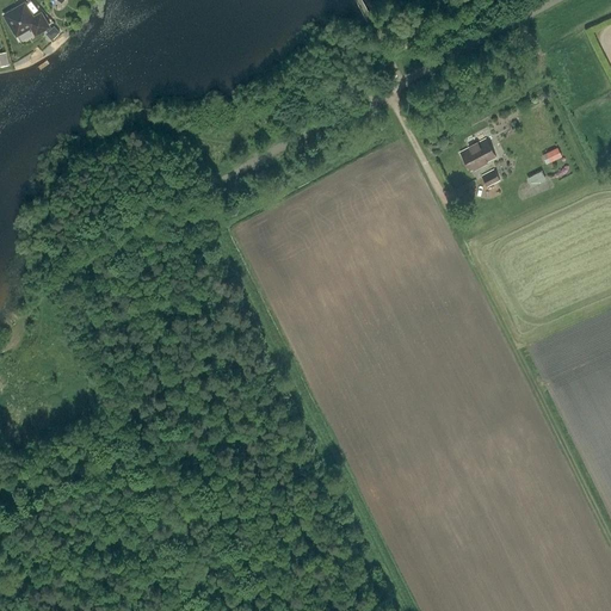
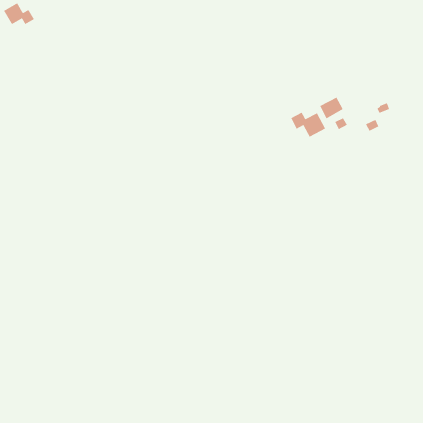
building: none -> [290,112,326,137]

